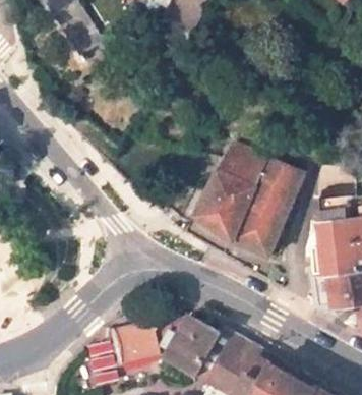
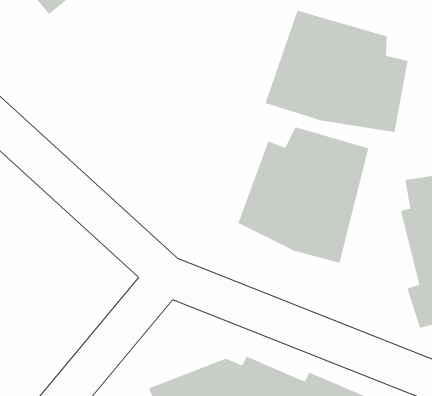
building: none -> [265,10,408,133]

